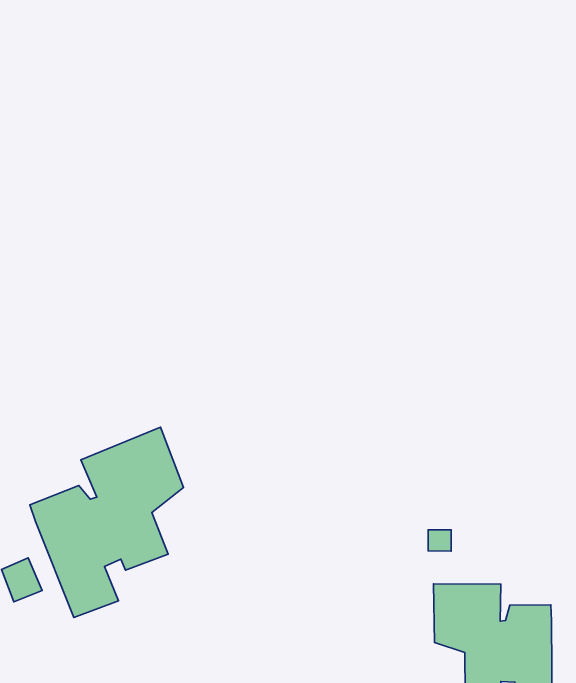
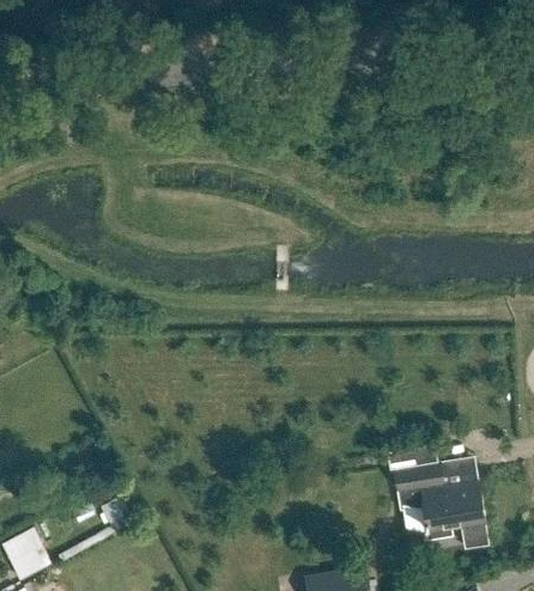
building: [30,427,184,618] -> none

